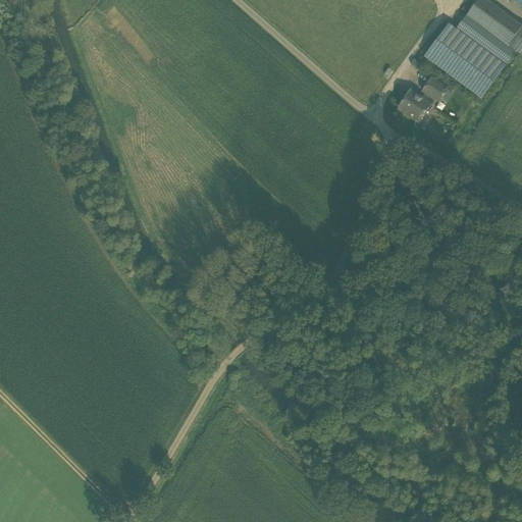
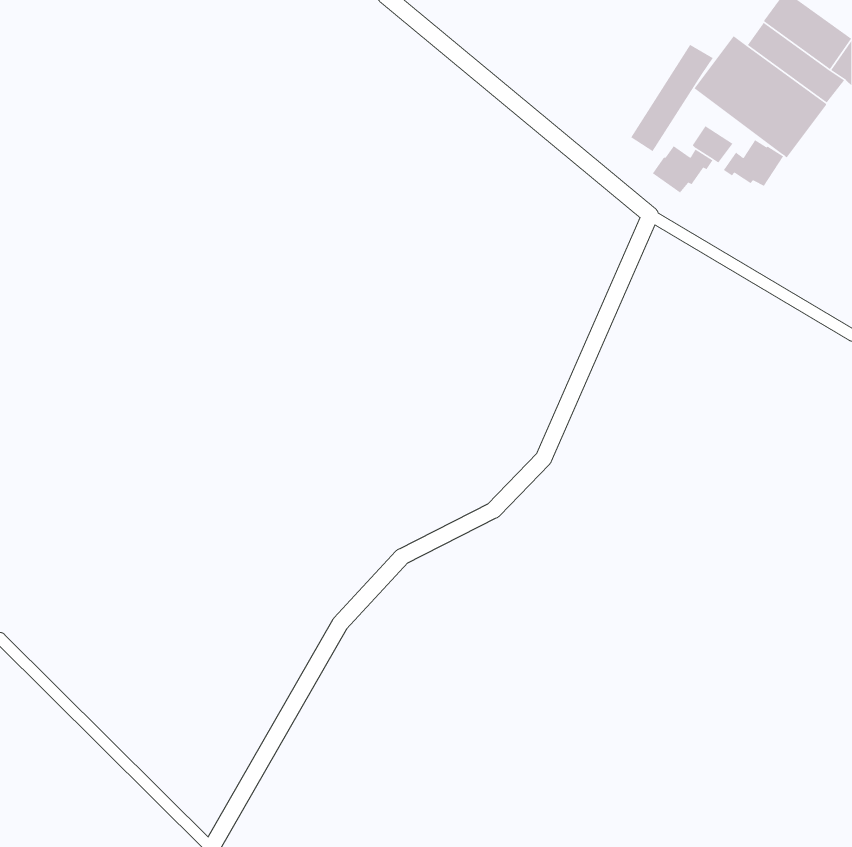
building: none -> [630,44,714,152]
building: none -> [723,139,784,187]

